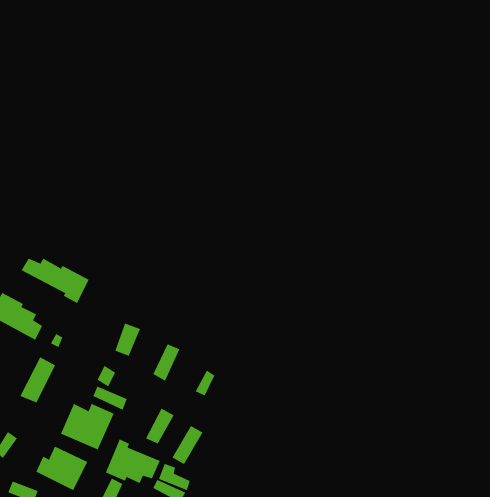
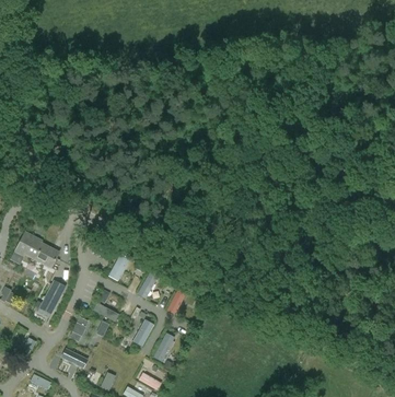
building: [21,258,90,304] -> none
building: [105,439,161,484] -> none

